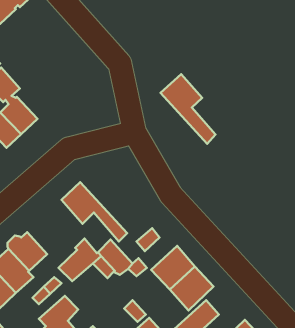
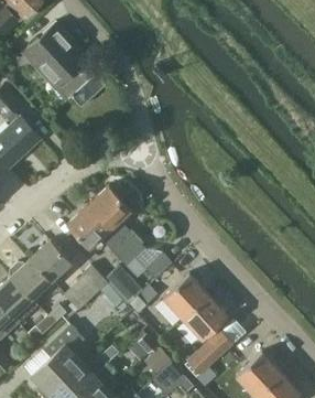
building: none -> [21,21,106,107]
building: [160,74,216,144] -> [87,185,145,259]
building: none -> [31,239,72,281]

